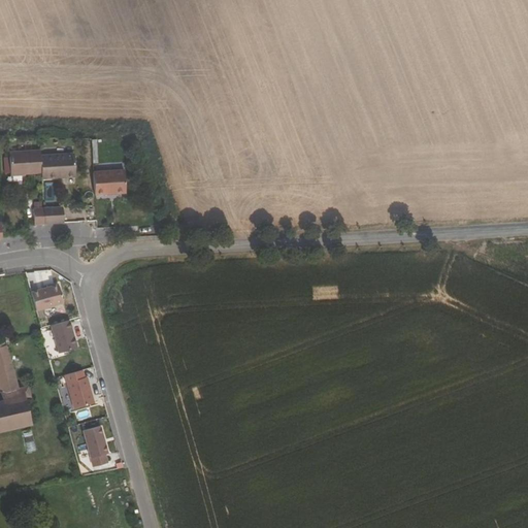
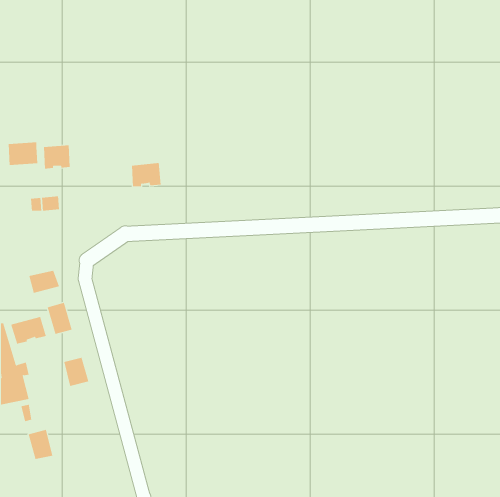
building: [93,169,125,195] -> [131,162,162,187]
building: none -> [10,316,47,345]
building: [82,422,109,454] -> [28,429,53,460]

